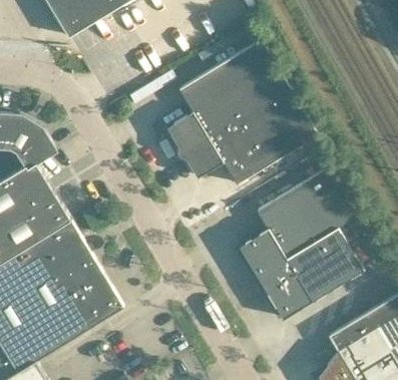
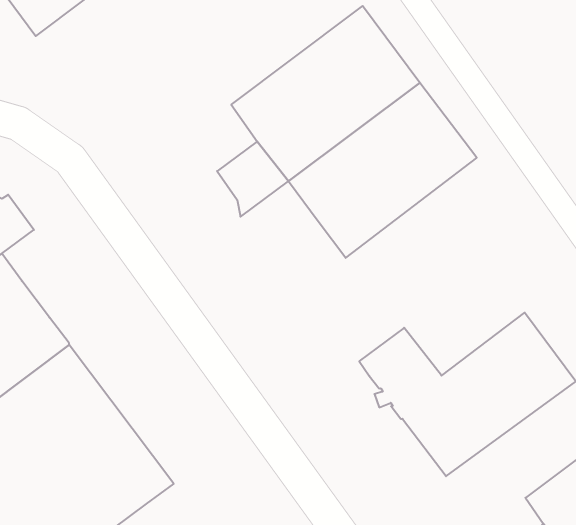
building: [177,137,223,177] -> none
building: [256,162,365,260] -> none

